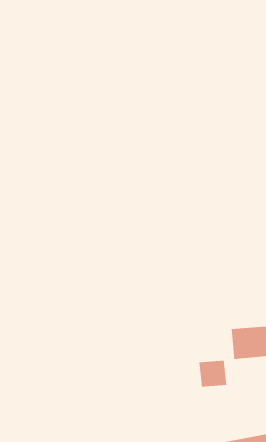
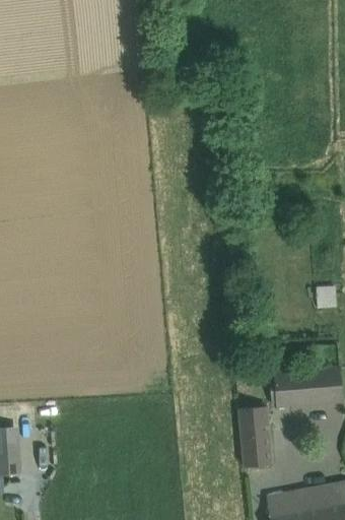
building: none -> [240,435,271,466]

